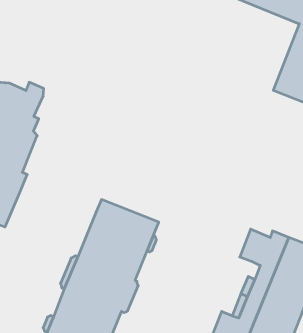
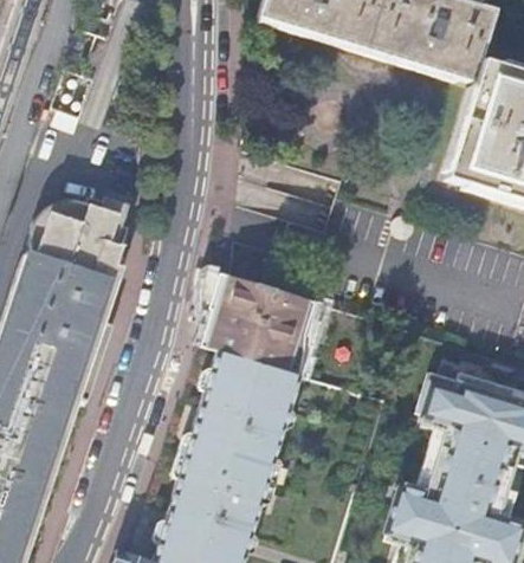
building: none -> [201,265,316,375]

